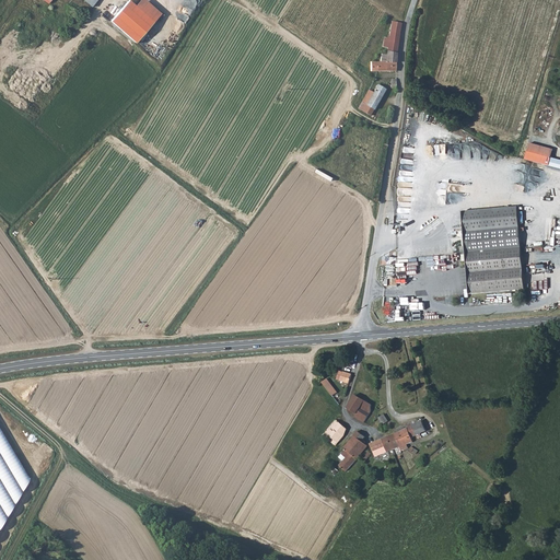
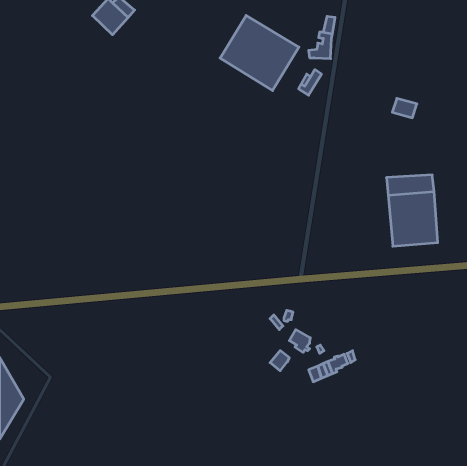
building: none -> [220,15,299,91]
building: [524,142,553,165] -> [392,98,417,118]
building: [337,430,366,471] -> none

